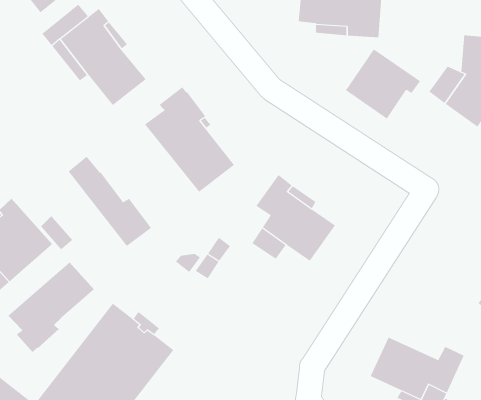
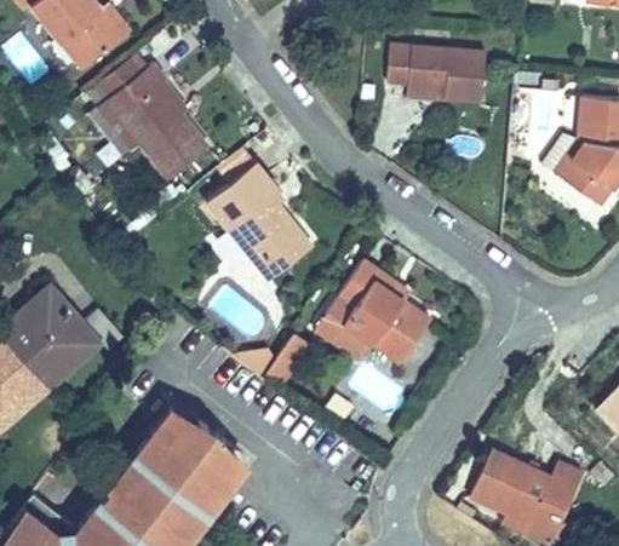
building: [345,48,421,120] -> none
building: [68,156,152,247] -> none
building: [7,262,95,353] -> none

